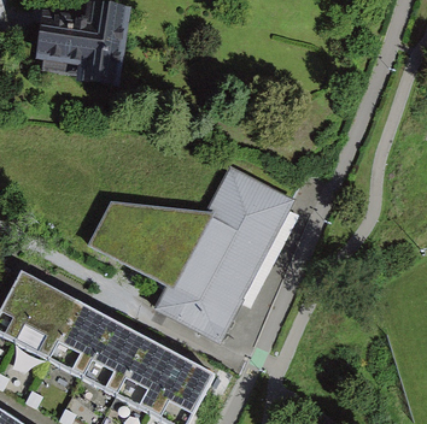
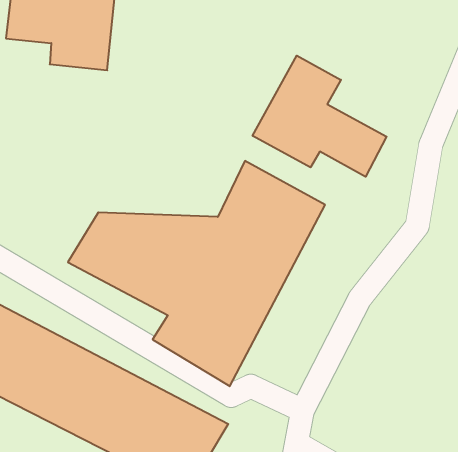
building: none -> [253,56,387,177]

